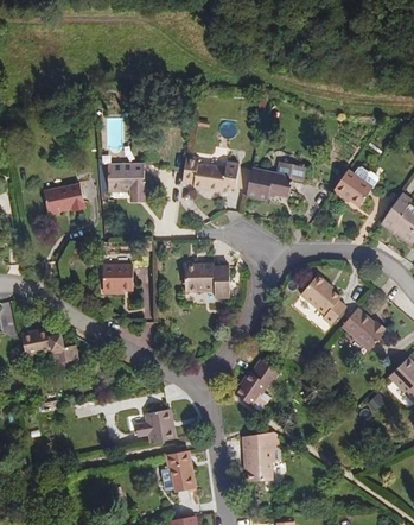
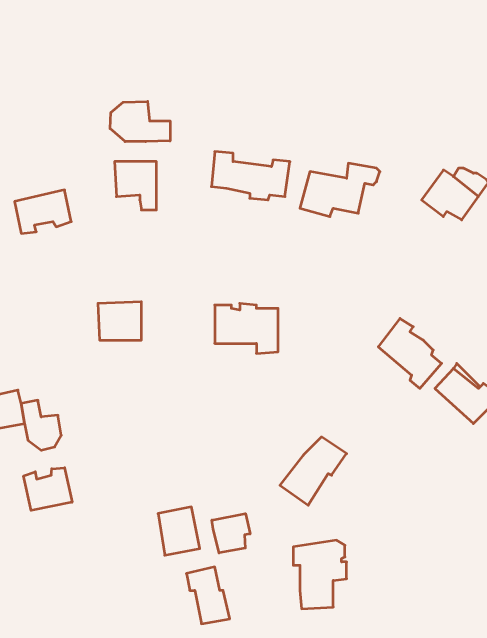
building: none -> [110,101,170,142]
building: none -> [24,468,72,510]
building: none -> [212,514,250,553]

